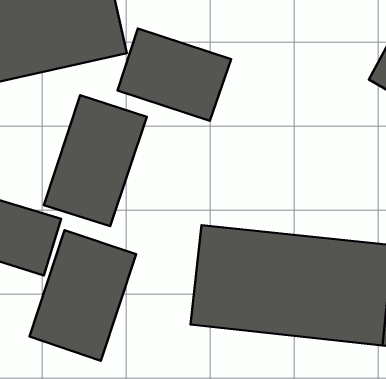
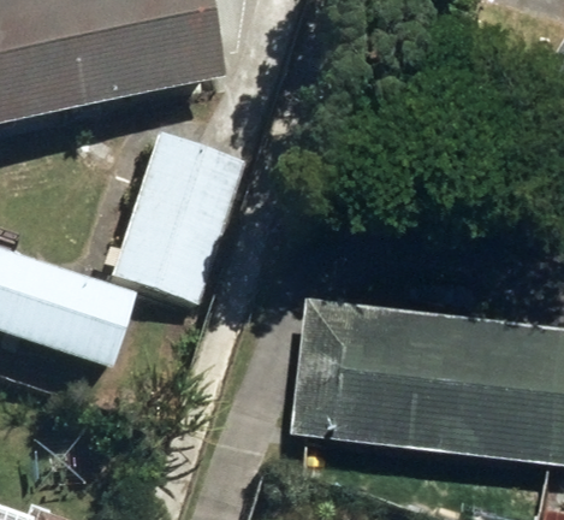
building: [117,28,231,121] -> none
building: [30,230,136,361] -> none

